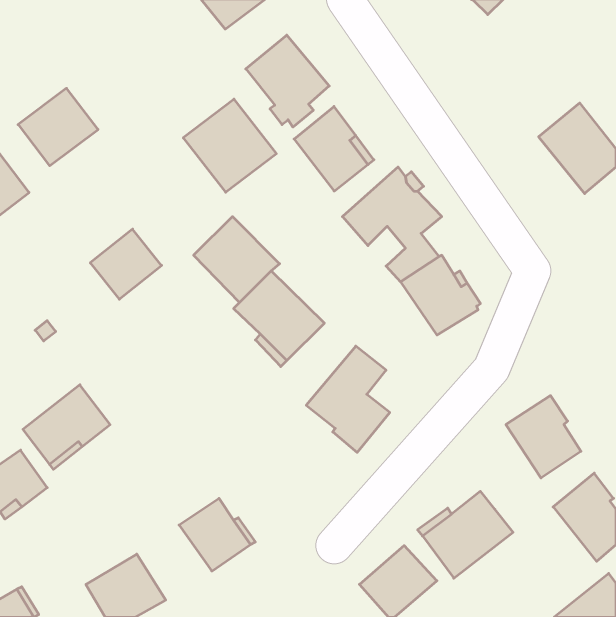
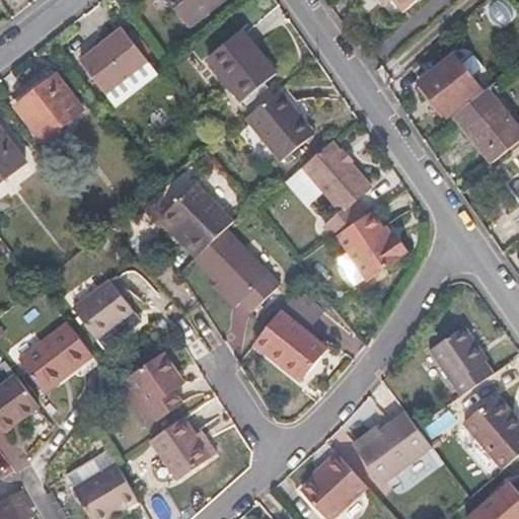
building: none -> [419,56,477,114]
building: [183,99,276,192] -> [79,27,157,105]
building: [90,229,162,299] -> [73,279,133,338]
building: none -> [129,353,183,419]

